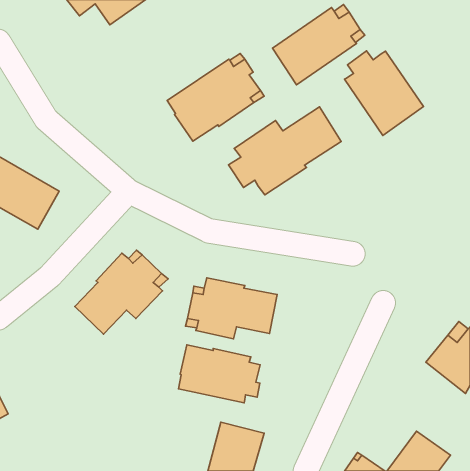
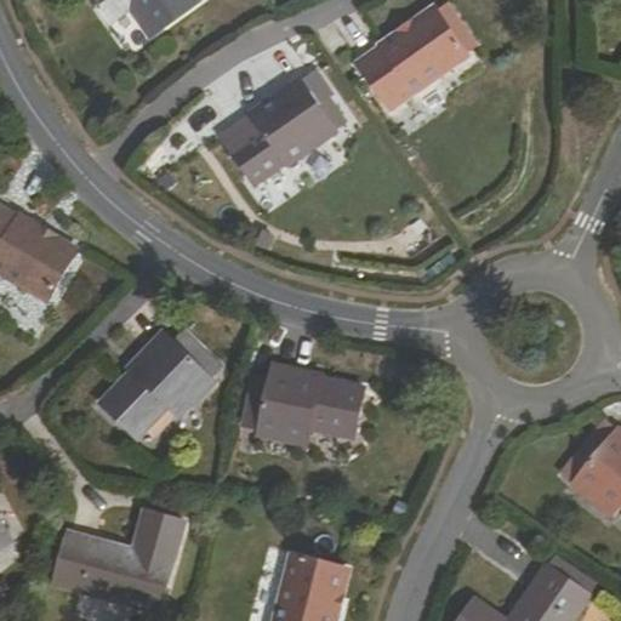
building: [345,51,424,136] -> none
building: [228,107,341,195] -> none
building: [178,345,260,403] -> none
building: none -> [52,512,183,614]

